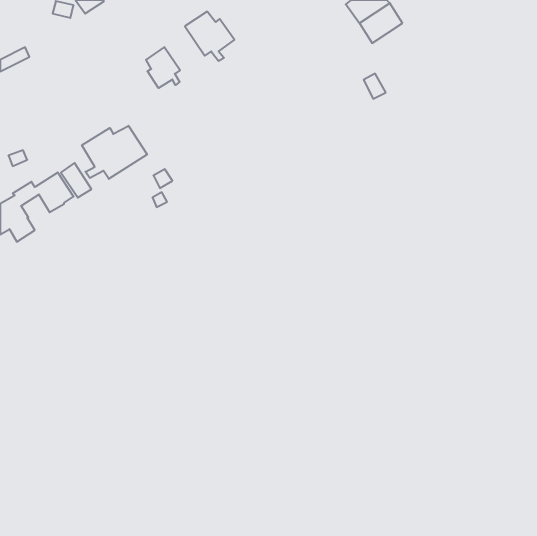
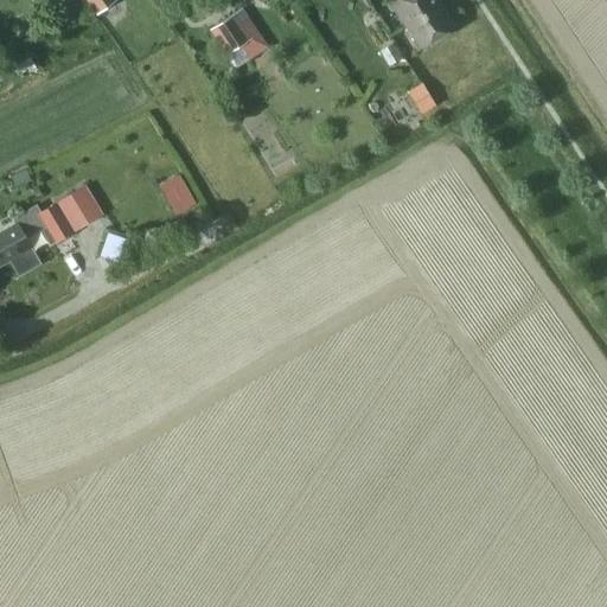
building: [146,47,180,88] -> none
building: [82,126,147,179] -> none

